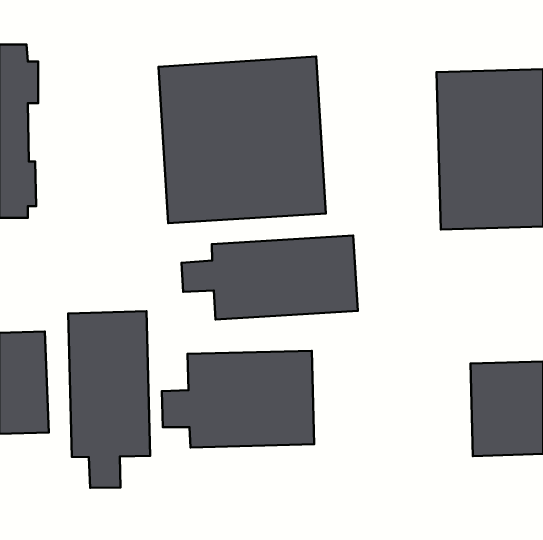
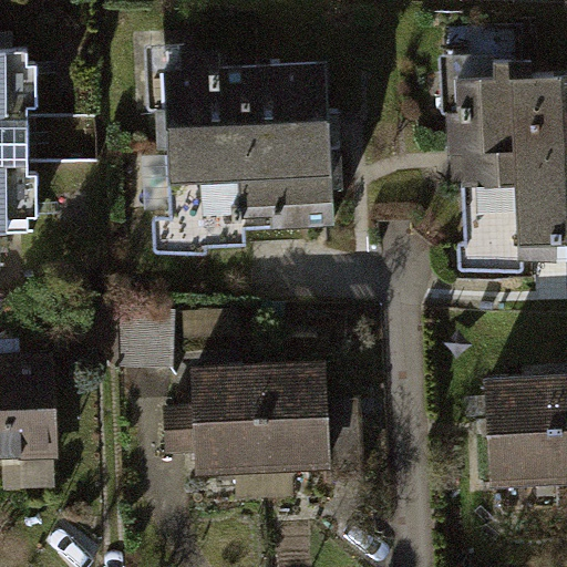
building: [182,236,358,319] -> none
building: [68,311,150,488] -> none

